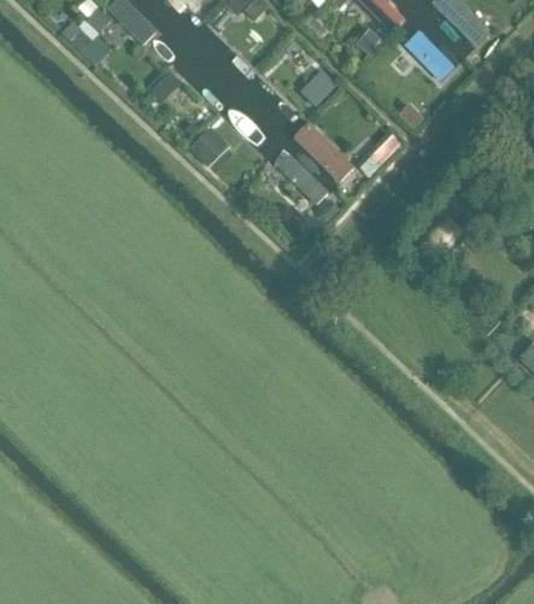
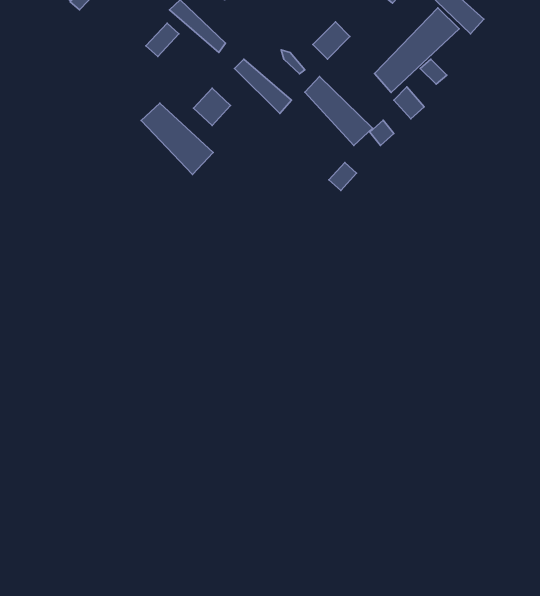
building: none -> [375,8,459,93]
building: none -> [141,103,213,174]
building: [274,152,329,206] -> none

